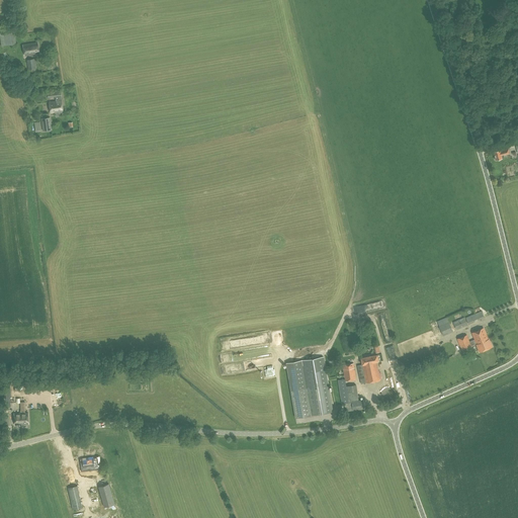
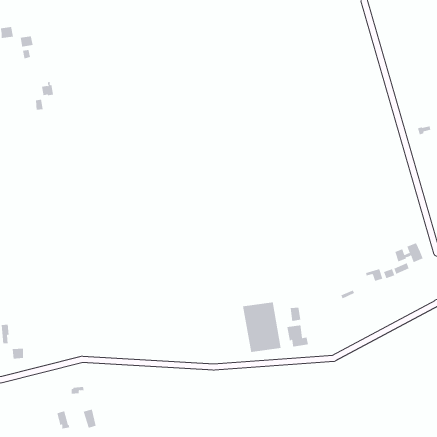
building: [457,328,492,352] -> [394,242,424,263]
building: [357,354,380,383] -> none

